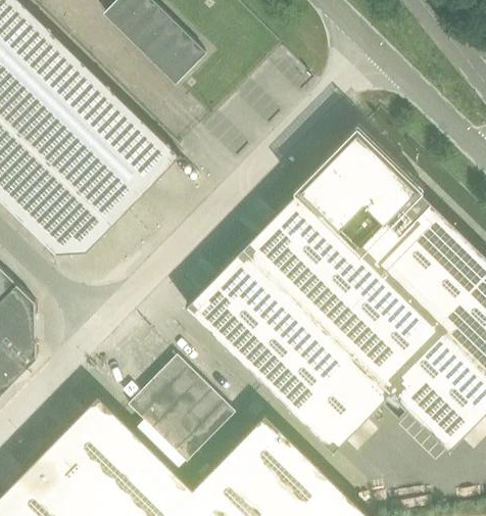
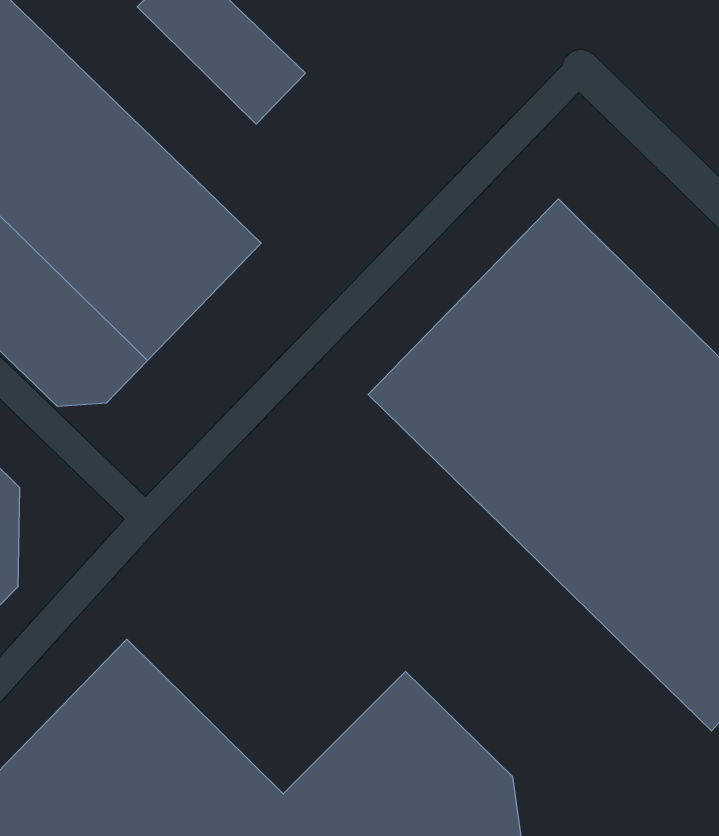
building: [184,248,405,452] -> none
building: [127,358,234,465] -> none

